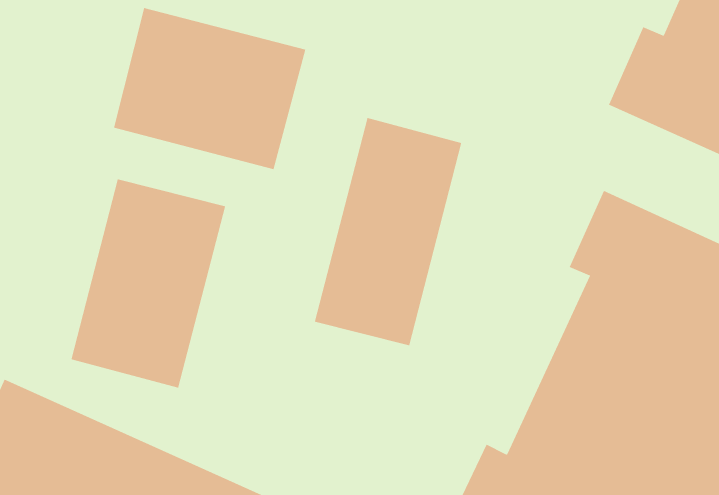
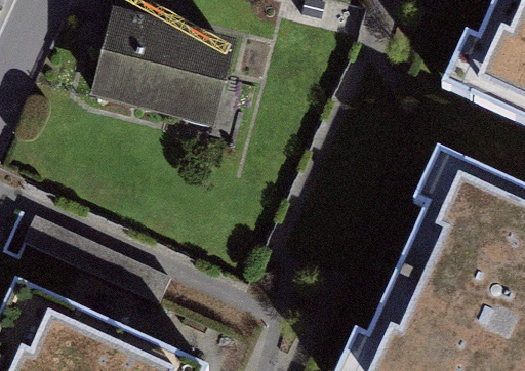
building: [314,117,462,346] -> none
building: [71,179,226,389] -> none

